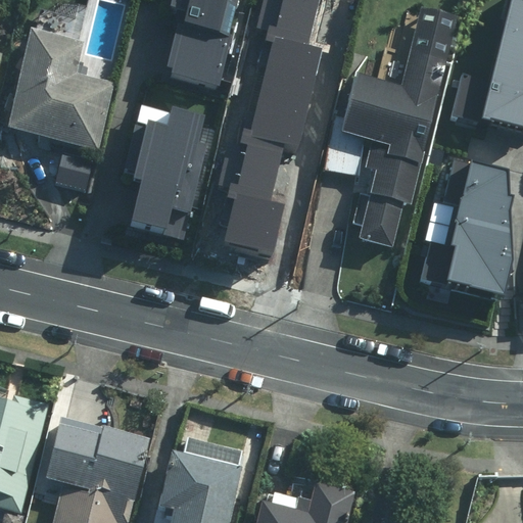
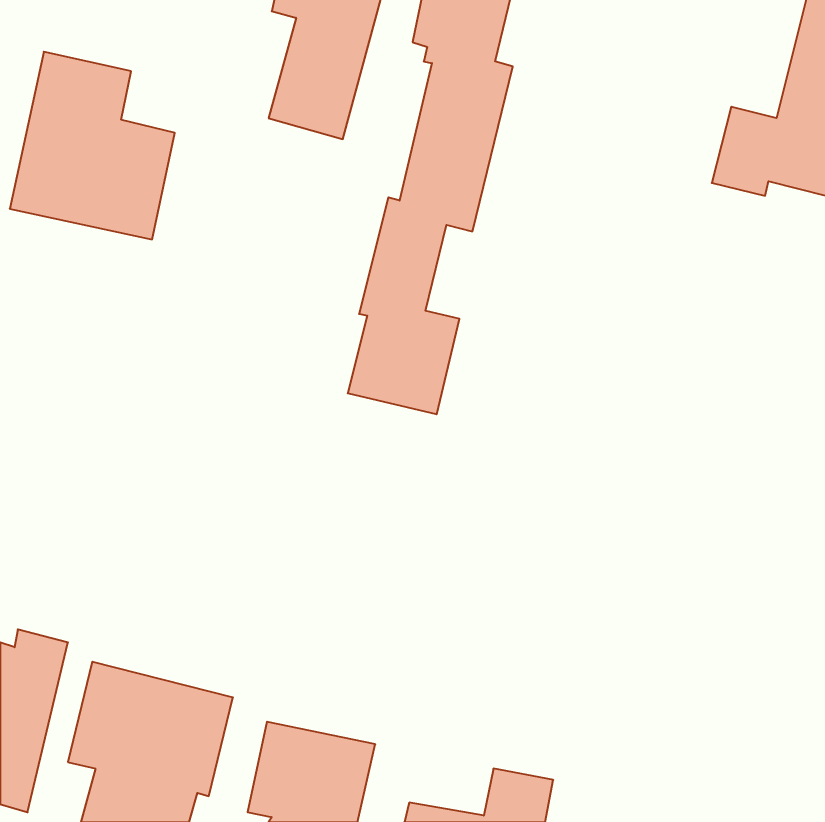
building: [338,12,456,249] -> none
building: [127,107,208,235] -> none
building: [421,151,514,299] -> none

